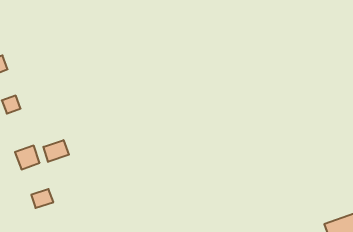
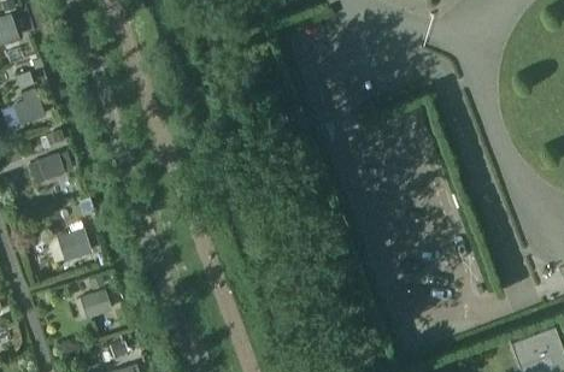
building: [43,140,69,162] -> none

